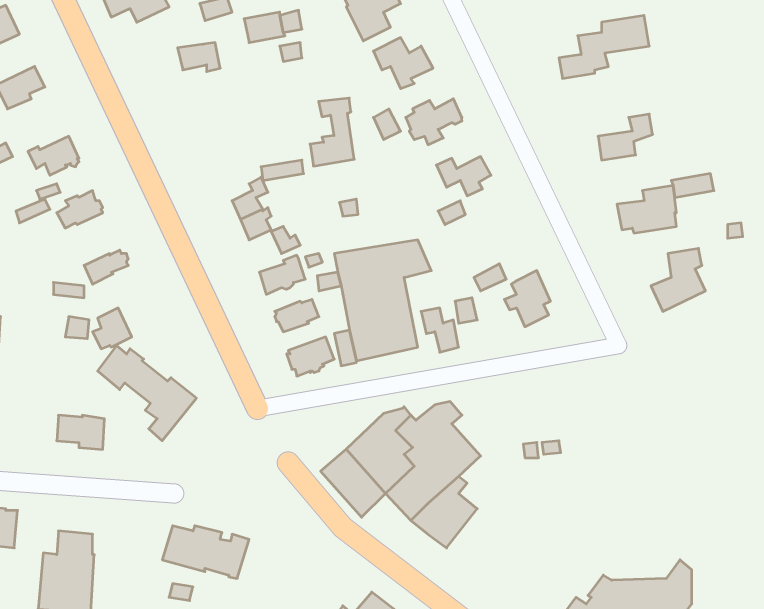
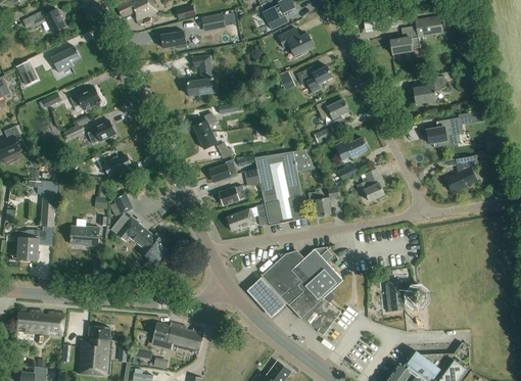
building: [310,98,354,166] -> [187,55,214,96]
building: none -> [335,138,367,160]
building: [57,415,104,449] -> [70,226,99,246]
building: none -> [386,281,426,312]

